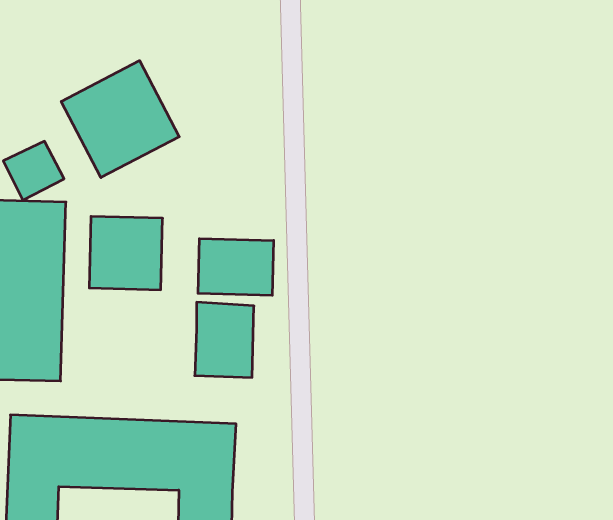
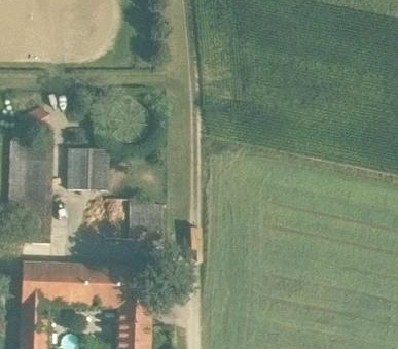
building: [61,61,179,178] -> none
building: [198,239,274,295] -> none

